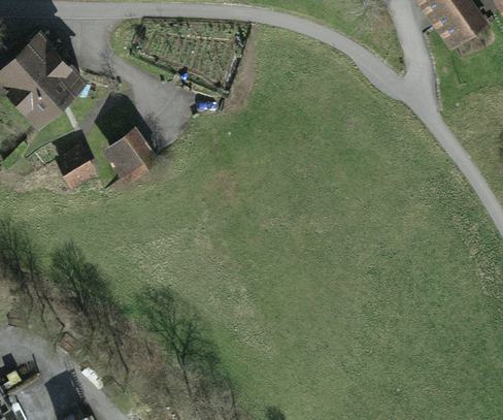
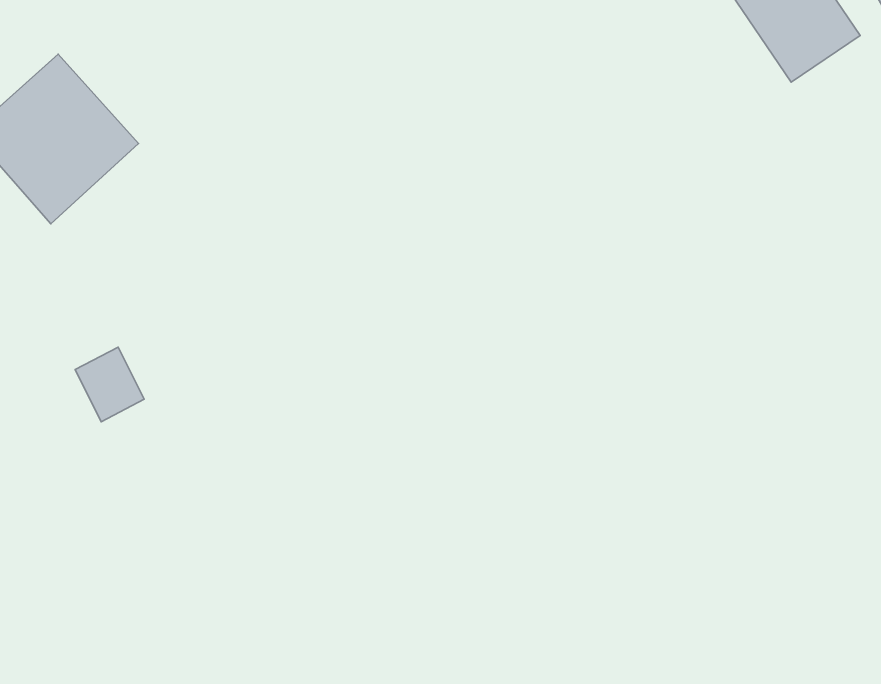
building: [103,129,158,184] -> none
building: [57,147,95,188] -> [75,347,144,422]

